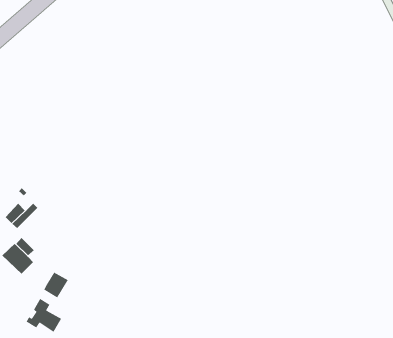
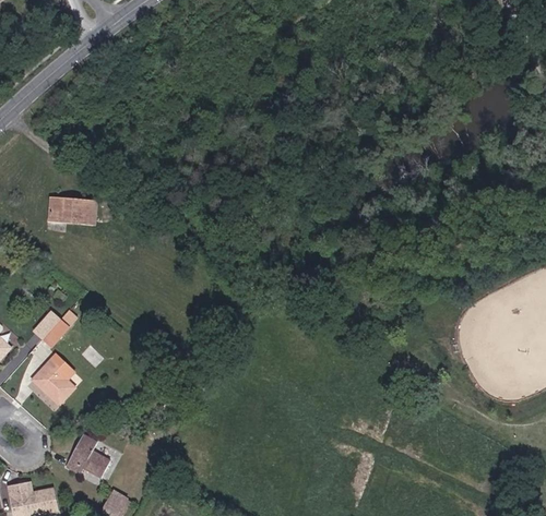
building: none -> [47,194,95,224]
building: [43,271,69,298] -> none

